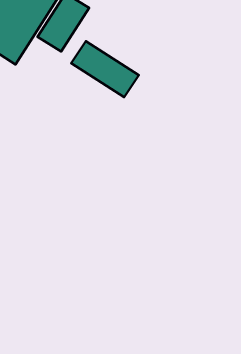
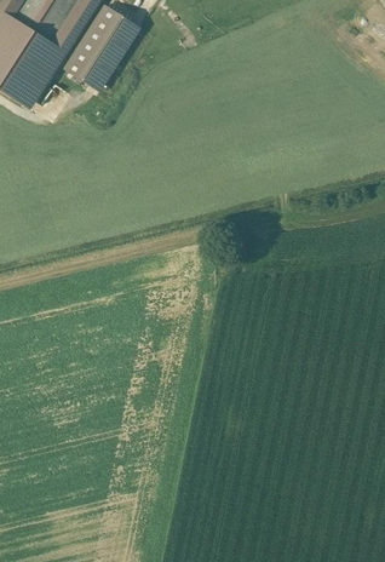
building: [71,41,139,97] -> none

